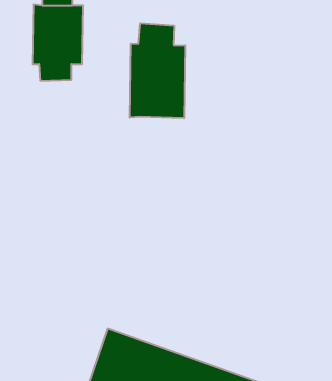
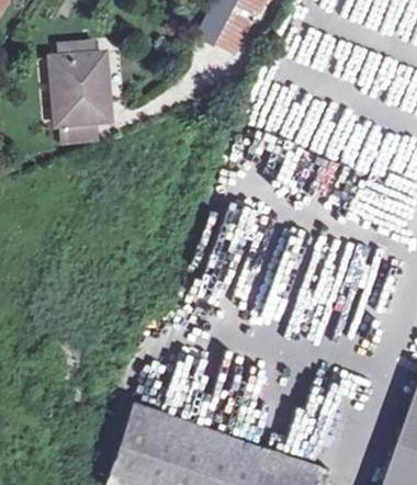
building: [130,23,185,118] -> none

